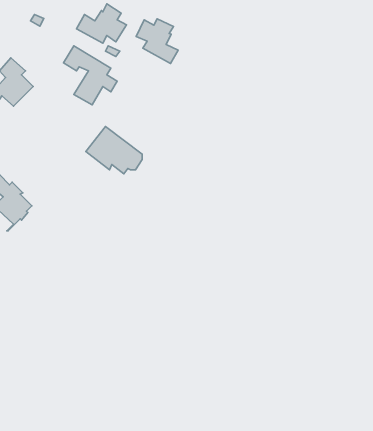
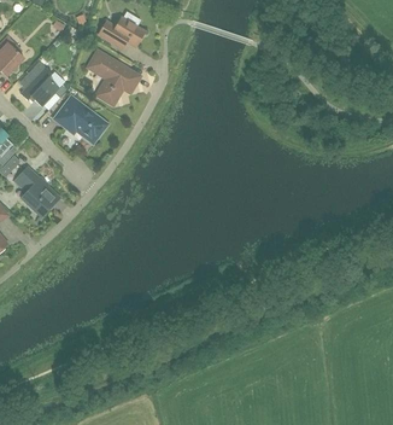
building: [136,19,178,64] -> none
building: [86,127,142,174] -> [53,95,105,139]

